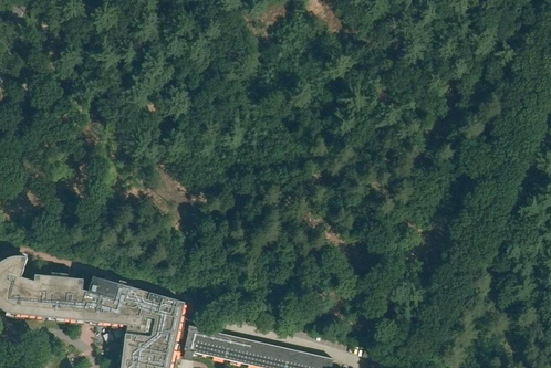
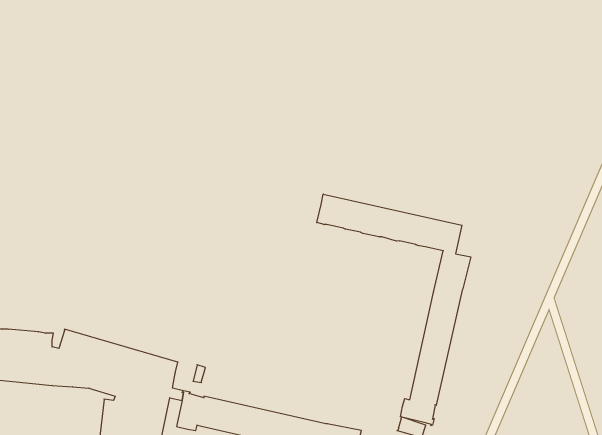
building: none -> [317,194,471,426]

